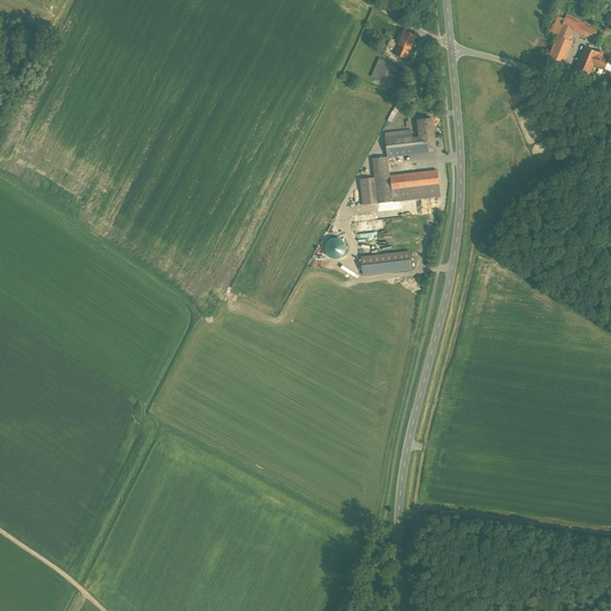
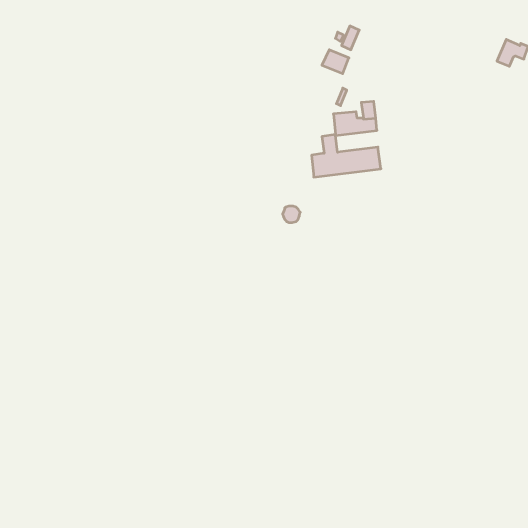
building: [547,13,599,63] -> none
building: [360,251,409,273] -> none

